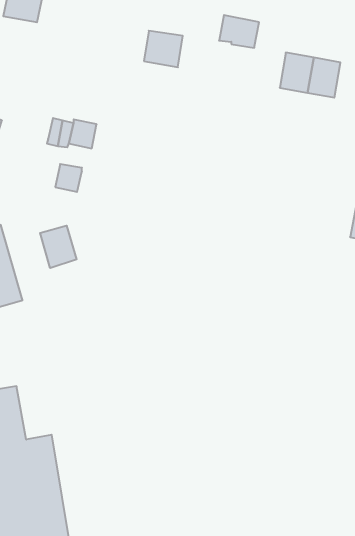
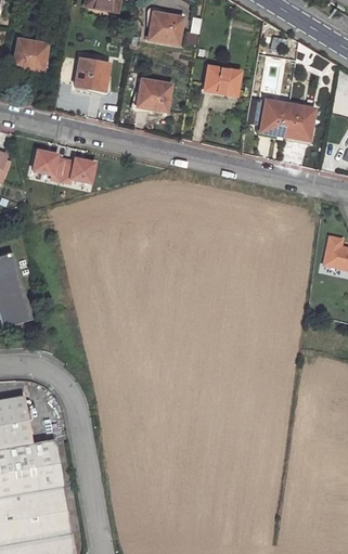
building: none -> [74,59,109,91]
building: [55,164,82,192] -> [33,151,56,176]
building: [40,226,77,268] -> none

